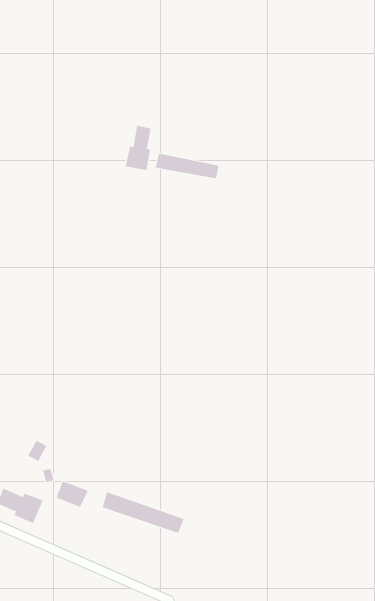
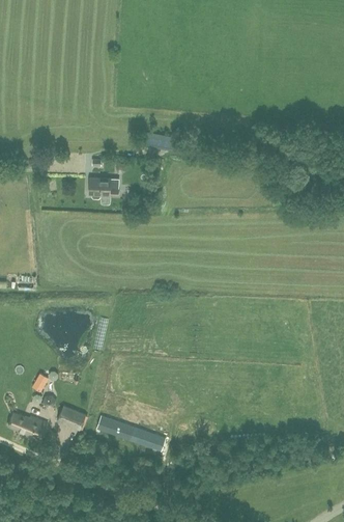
building: [125,125,151,171] -> none
building: none -> [89,178,119,198]

